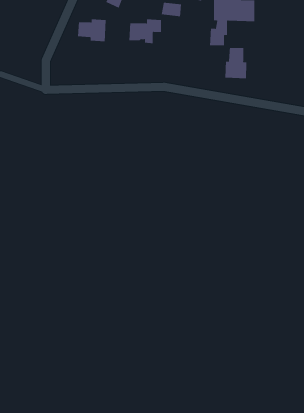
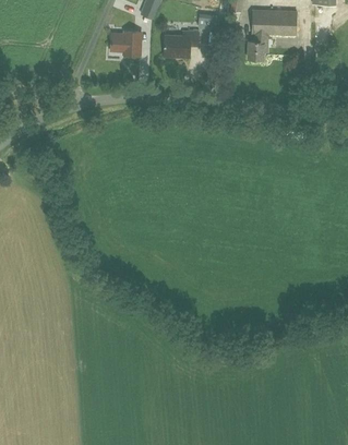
building: [225,47,247,79] -> none

